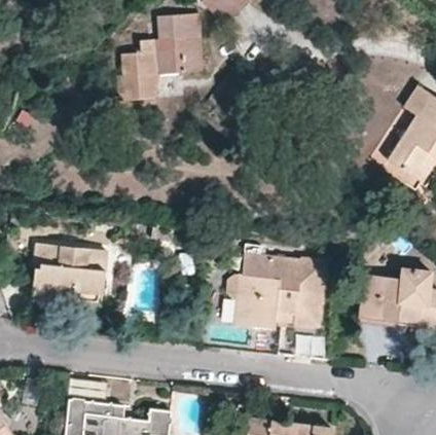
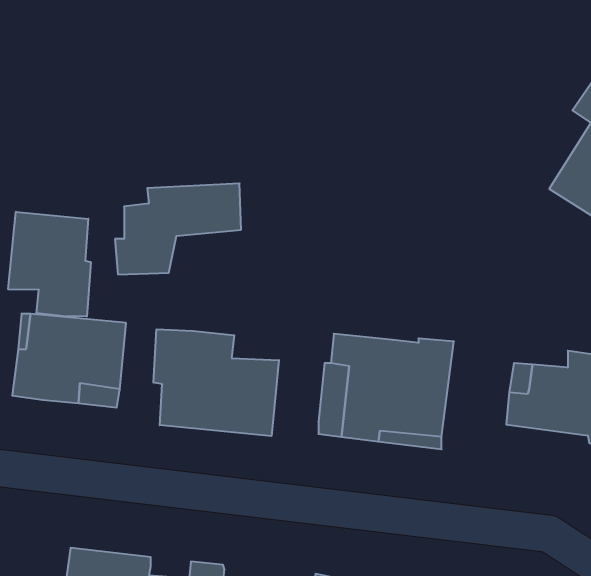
building: [117,37,202,98] -> [115,183,241,274]
building: none -> [8,212,91,317]
building: none -> [153,329,279,436]

